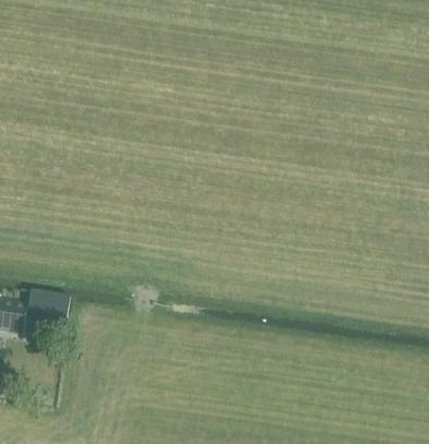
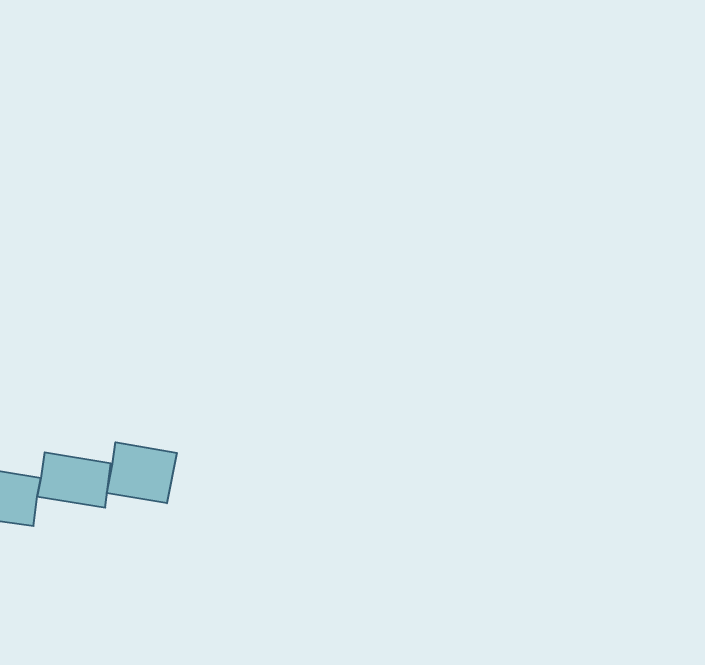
building: none -> [107,442,177,503]

